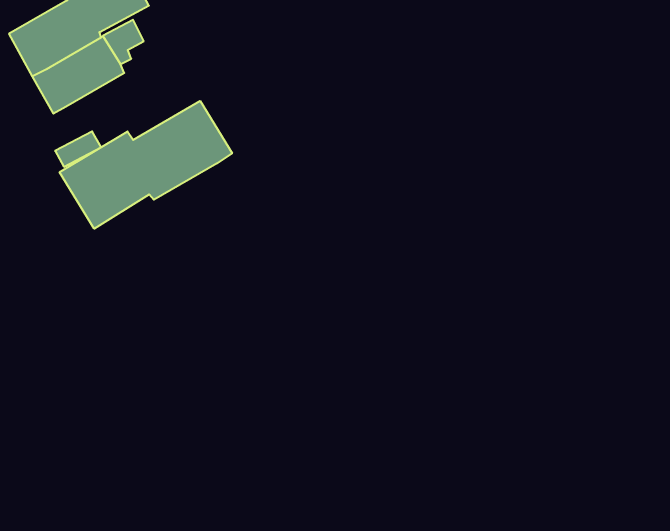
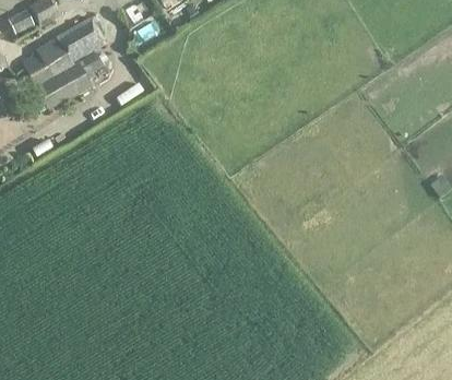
building: [60,101,232,229] -> none

